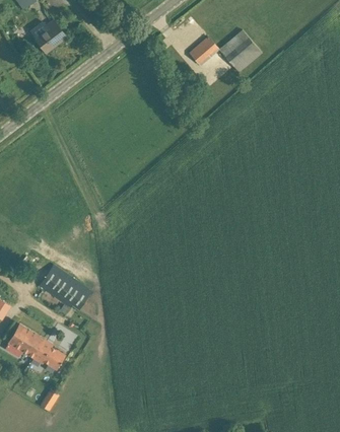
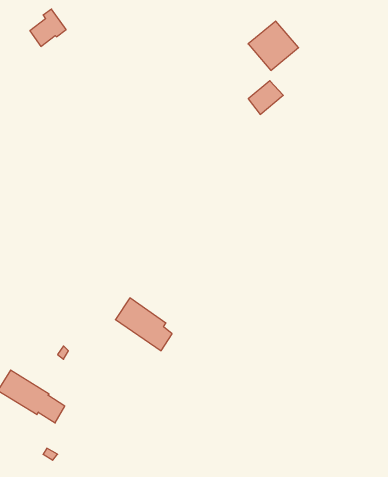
building: [189,35,218,64] -> [248,81,283,114]
building: [40,266,87,310] -> [115,298,172,351]

